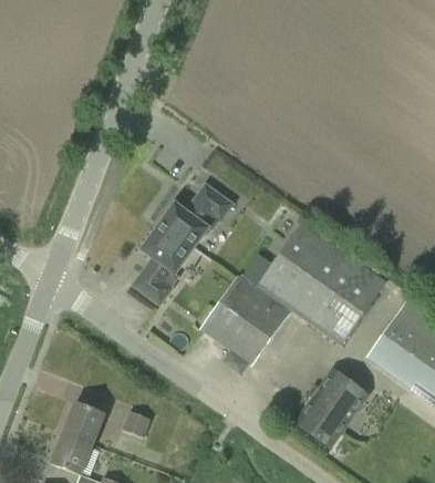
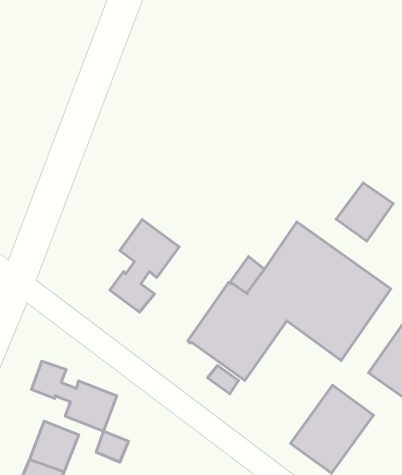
building: [162,182,234,244] -> none
building: none -> [336,183,393,241]
building: none -> [32,361,117,431]

